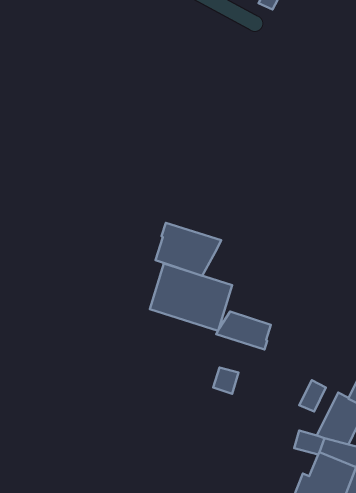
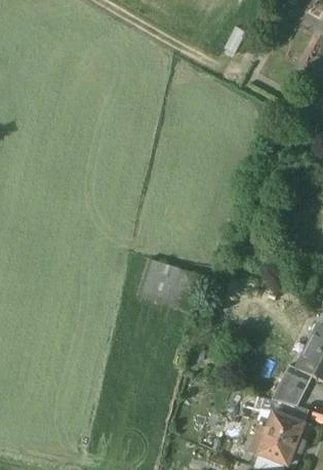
building: [155,223,221,276] -> none
building: [216,312,271,349] -> none

